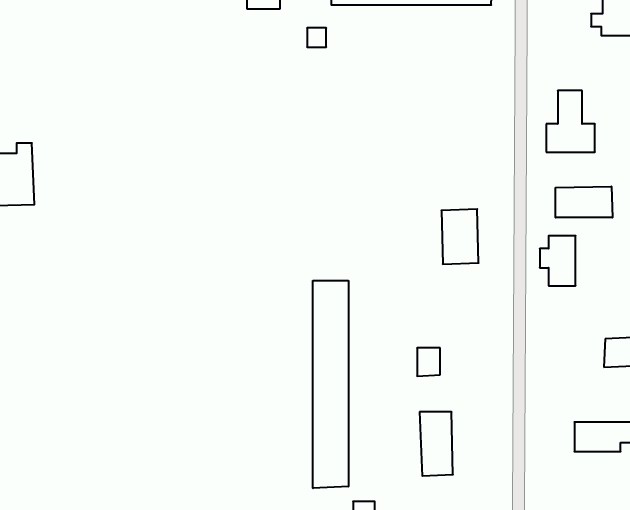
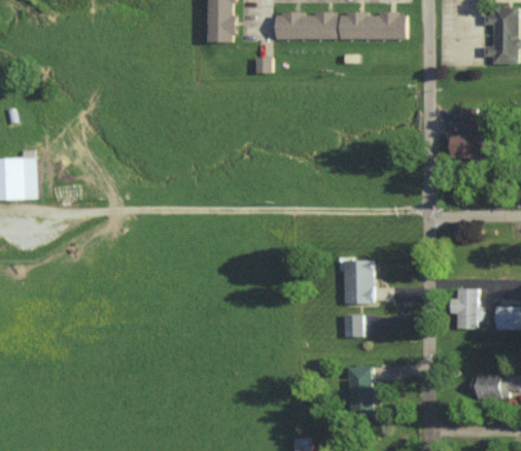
building: [556,186,612,218] -> none
building: [441,209,479,264] -> [344,261,374,305]
building: [540,236,576,286] -> [450,289,479,329]
building: [313,281,348,488] -> none

